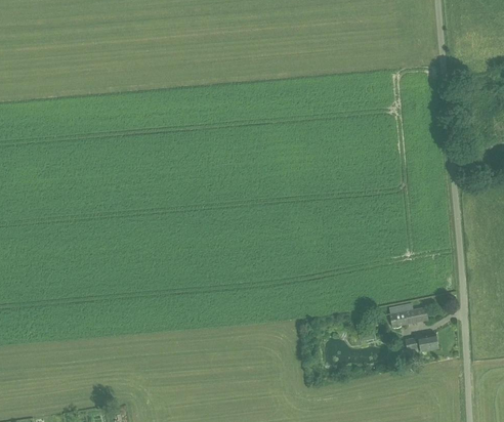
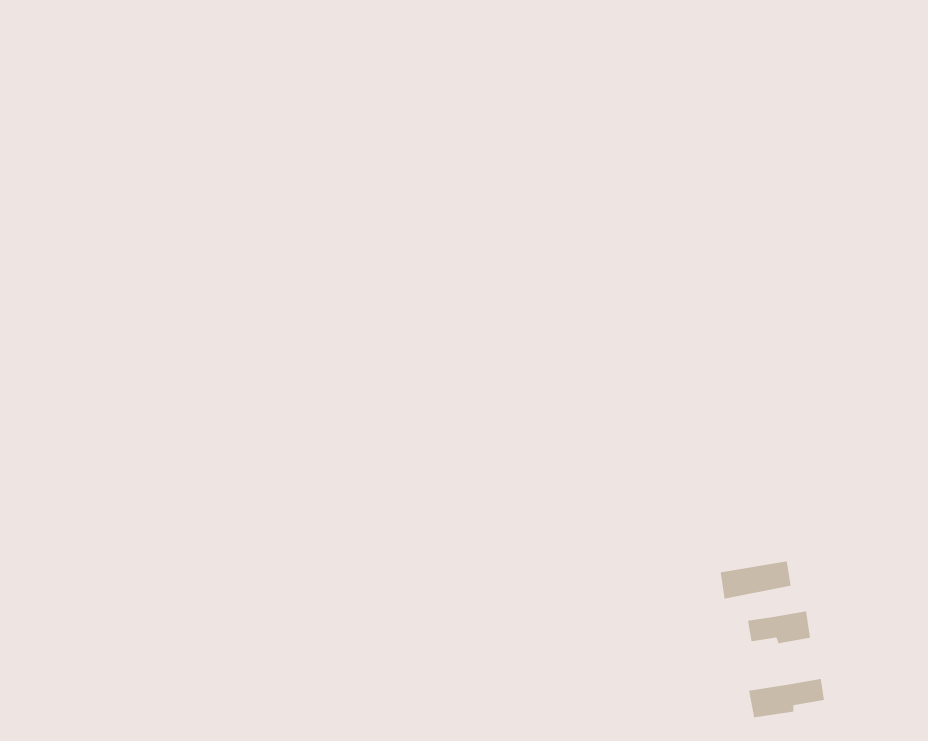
building: none -> [749,678,824,718]

